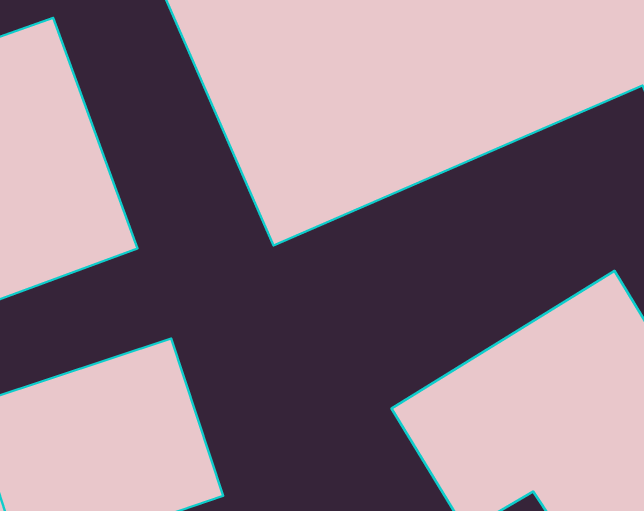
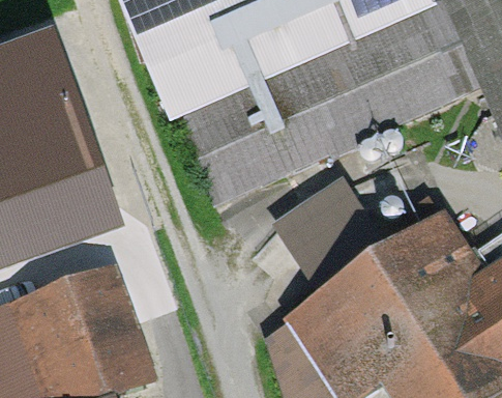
building: none -> [272,169,397,291]

